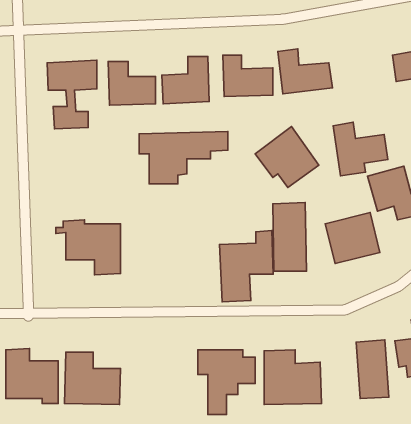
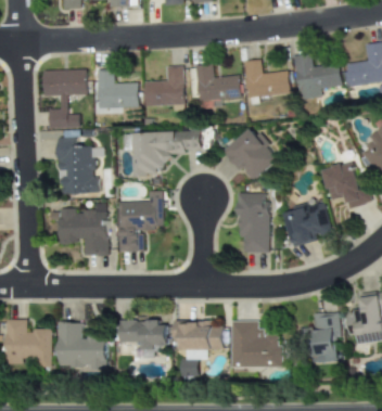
building: [333,122,388,176] -> [293,52,341,99]
building: none -> [56,137,97,193]
building: [220,231,273,302] -> [116,190,163,252]
building: none -> [119,321,168,357]

